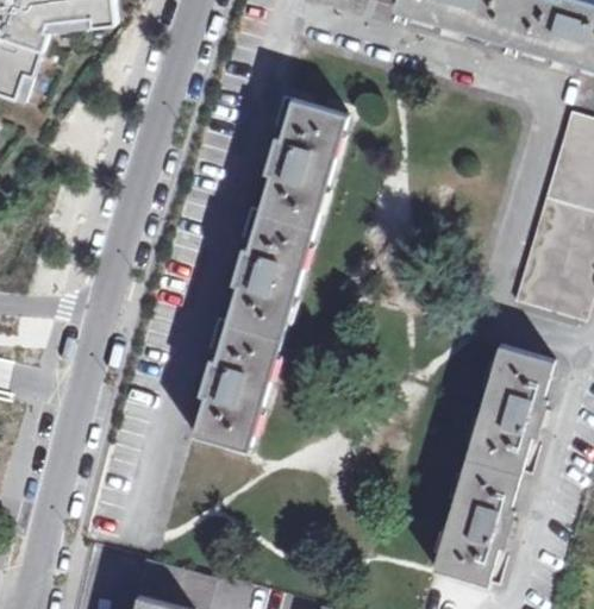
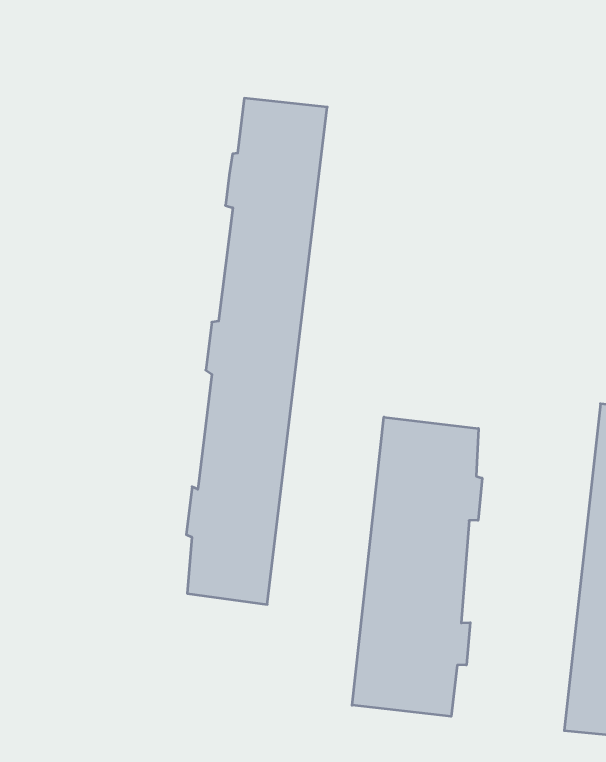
building: none -> [352,417,482,716]

